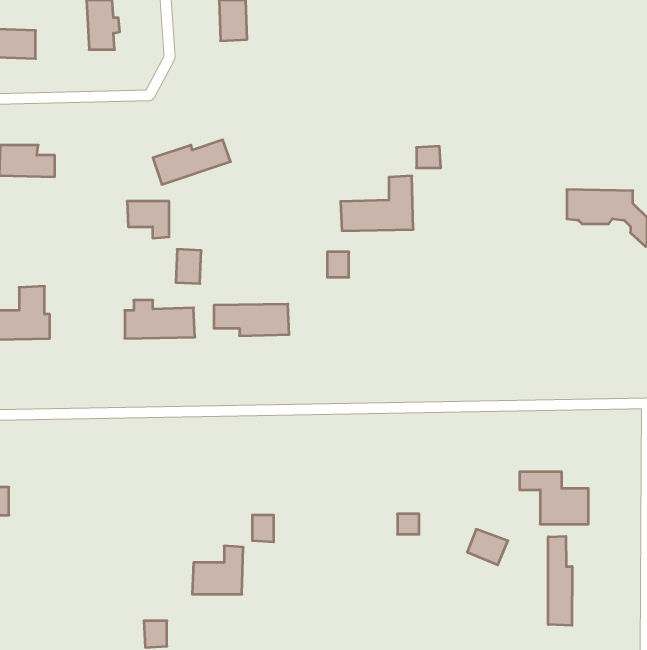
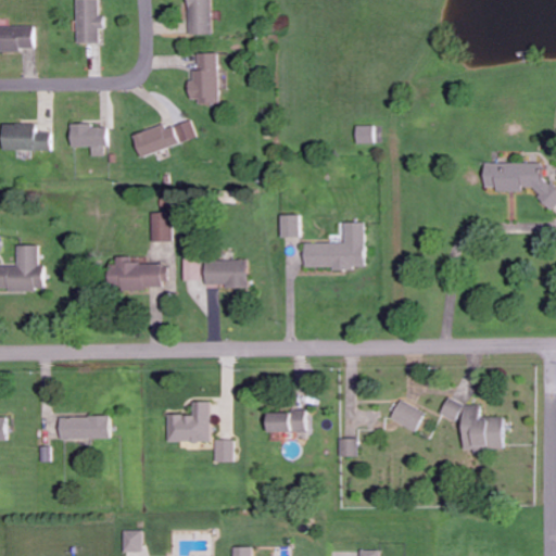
building: none -> [187,52,218,103]
building: [341,176,413,231] -> [302,222,364,268]
building: [127,201,169,238] -> [67,125,103,156]
building: none -> [265,412,309,432]
building: none -> [59,416,110,439]
building: [467,529,508,565] -> [390,401,425,431]
building: [548,536,572,625] -> none
building: [192,546,243,594] -> [167,401,211,442]

